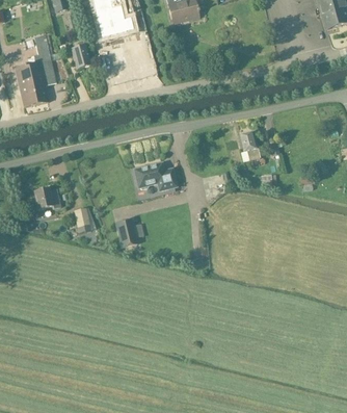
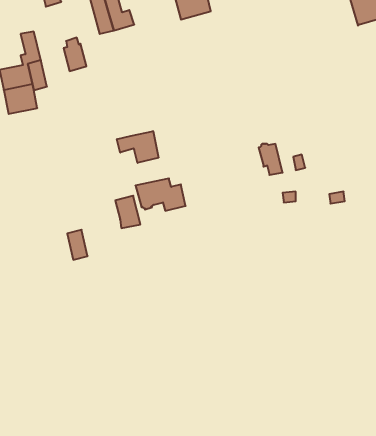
building: none -> [117,131,158,163]
building: [33,188,60,210] -> none
building: [115,218,137,247] -> [115,196,140,228]

